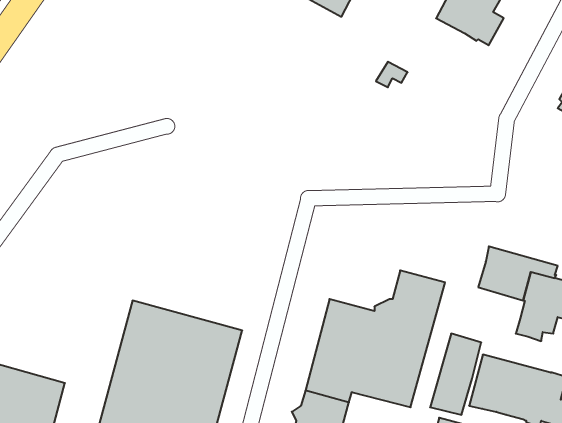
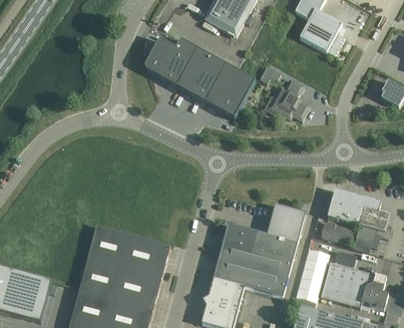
building: none -> [144,38,254,117]
building: none -> [265,78,309,118]
building: none -> [321,221,354,244]

